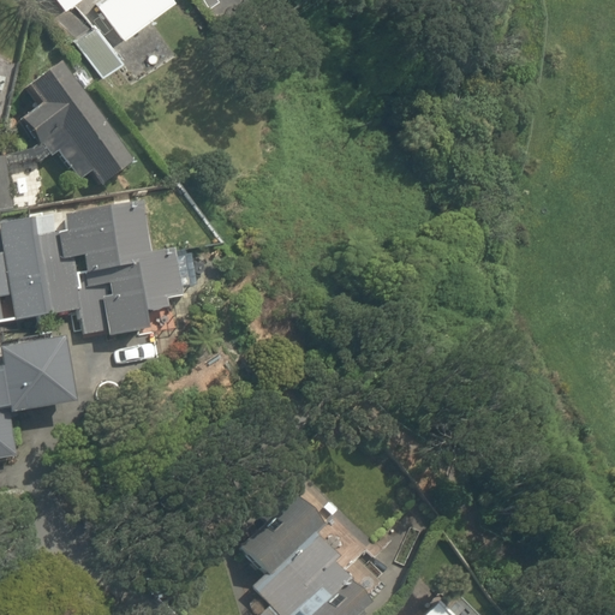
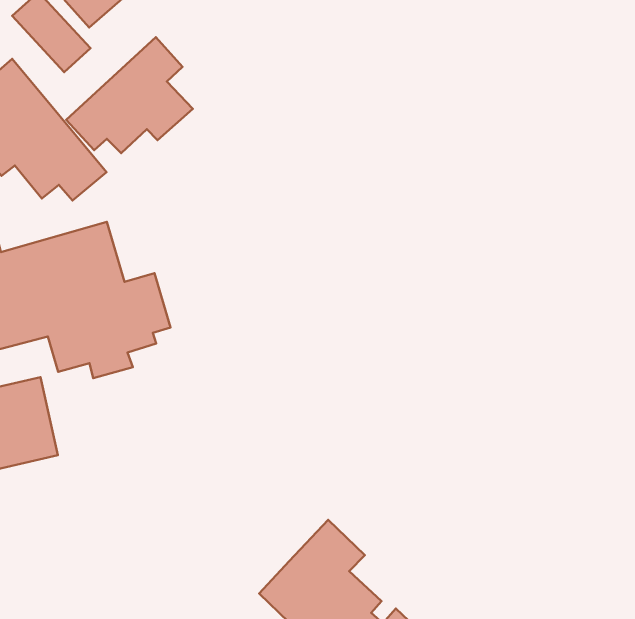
building: none -> [66,37,193,153]

